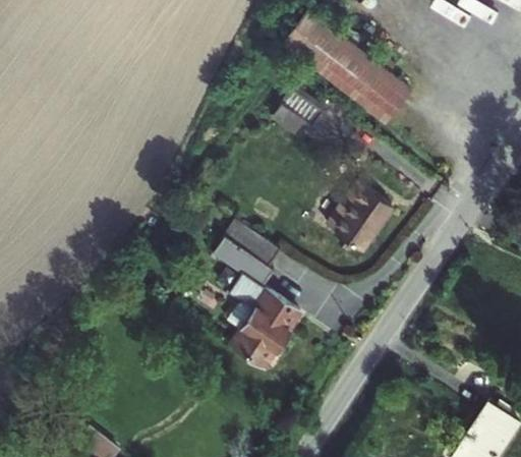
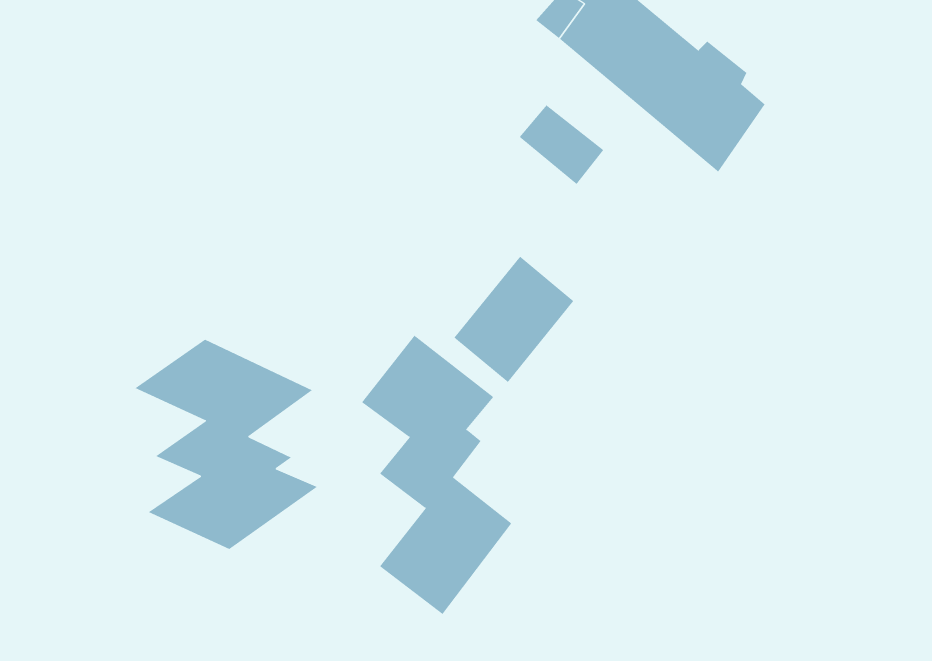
building: [331,183,391,249] -> [454,256,574,383]
building: none -> [134,339,318,550]

